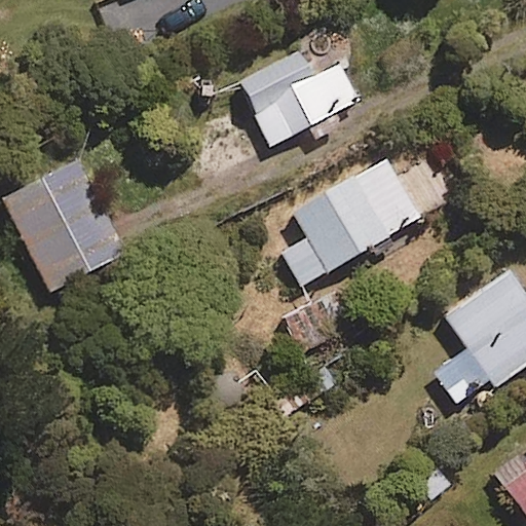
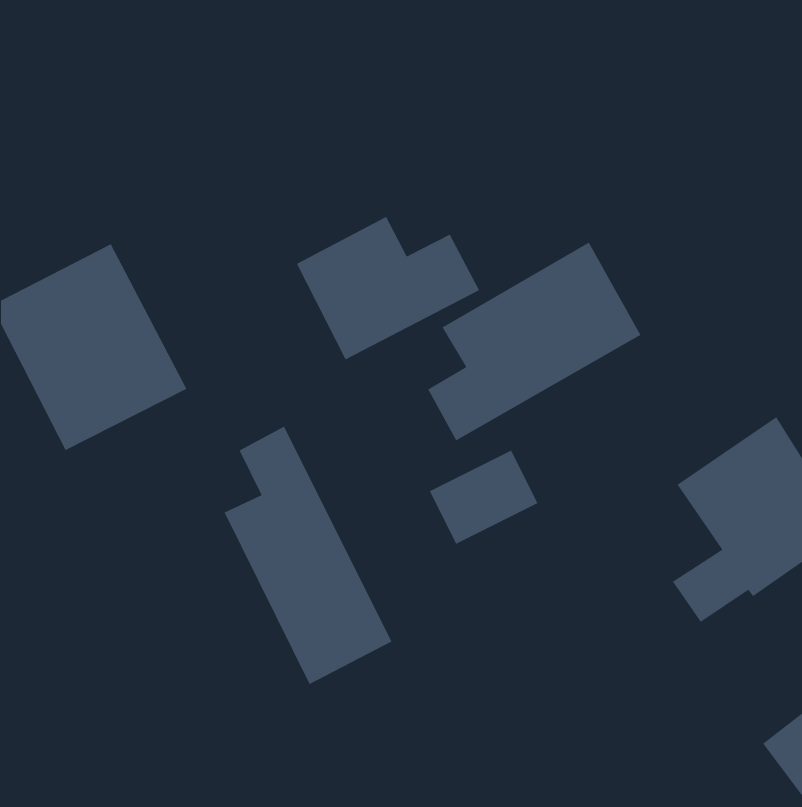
building: [239,52,359,146] -> [296,216,480,360]
building: none -> [224,426,393,685]

